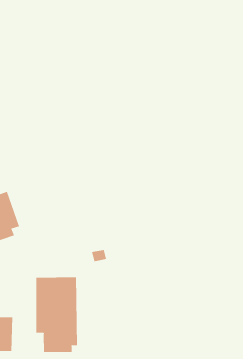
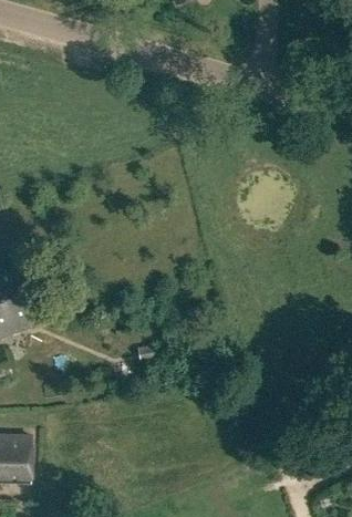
building: [36,277,77,353] -> none

